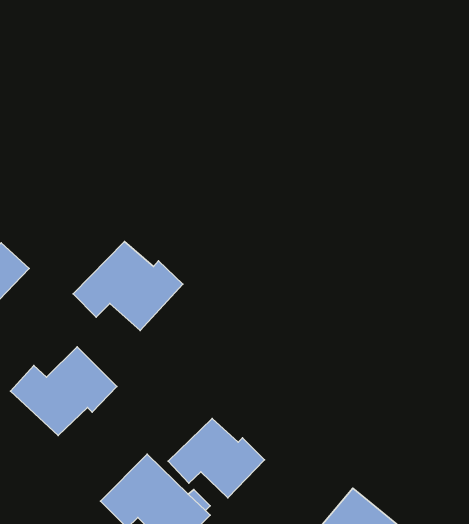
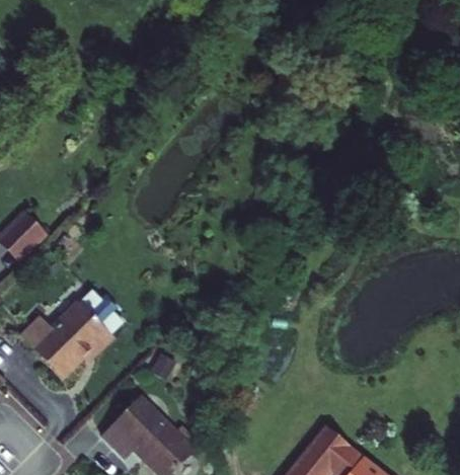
building: [73,241,183,331] -> none
building: [168,418,264,498] -> none

